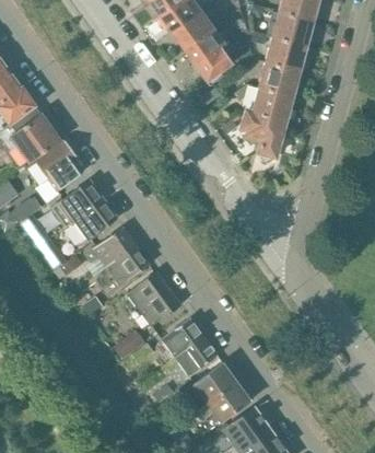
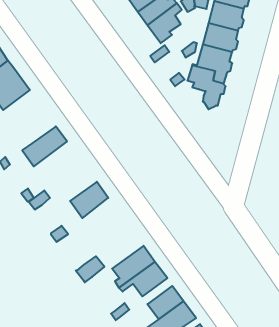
building: [36,142,84,191] -> none
building: [65,199,117,247] -> none
building: [84,228,137,267] -> none
building: [126,272,180,326] -> none

